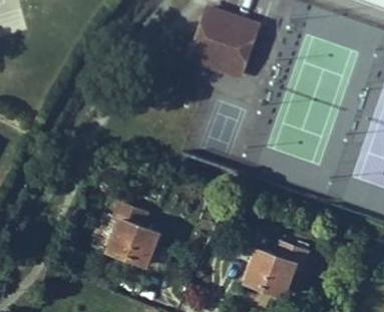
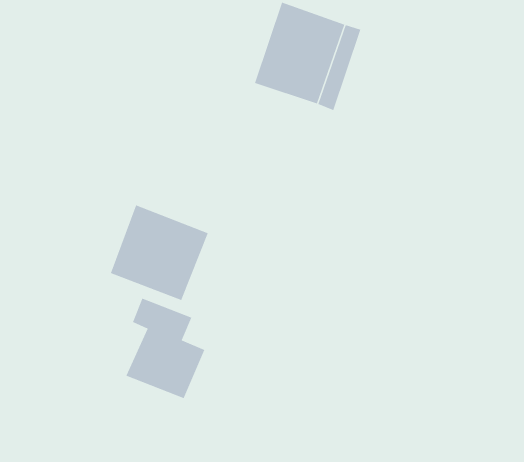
building: none -> [110,204,208,301]
building: [247,240,306,287] -> none

